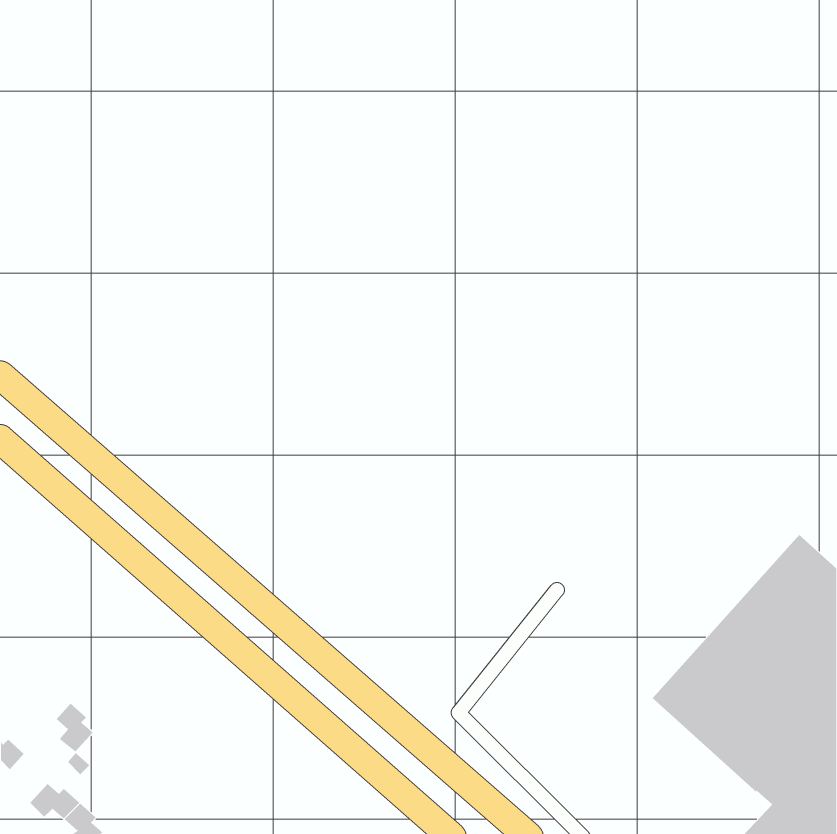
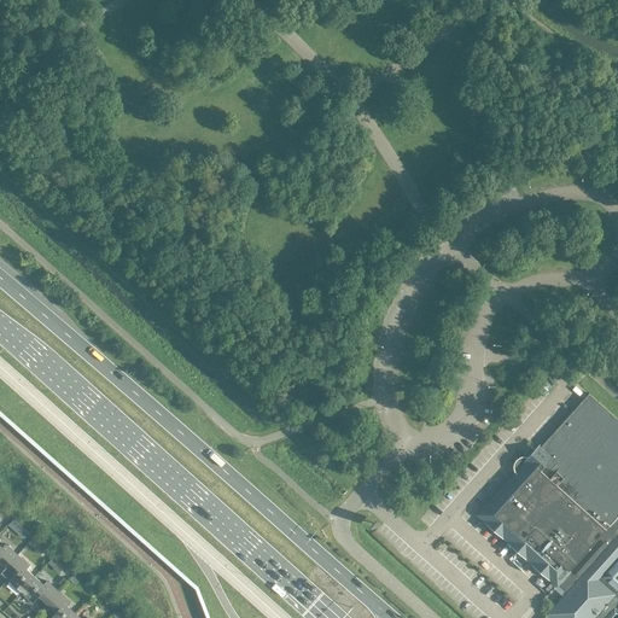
building: [56,703,93,752] -> [7,558,35,594]

